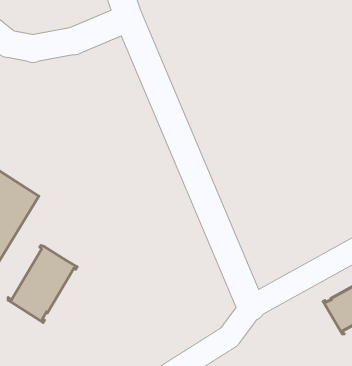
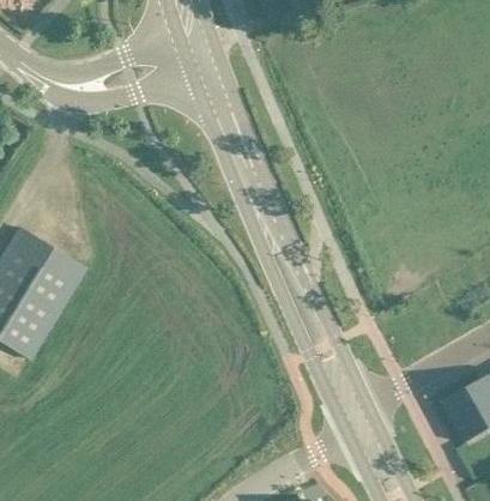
building: [8,246,77,322] -> none

